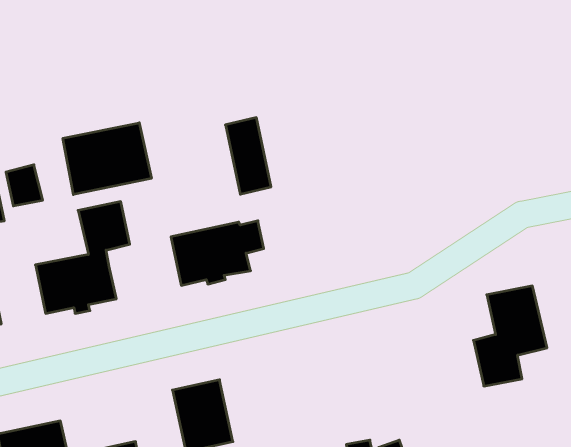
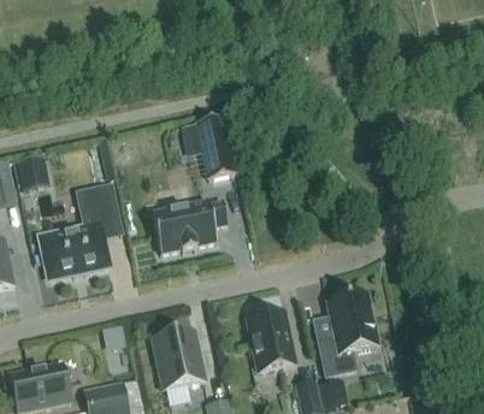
building: [63,123,151,195] -> none
building: [473,286,547,386] -> [317,294,377,375]
building: none -> [246,310,295,372]

